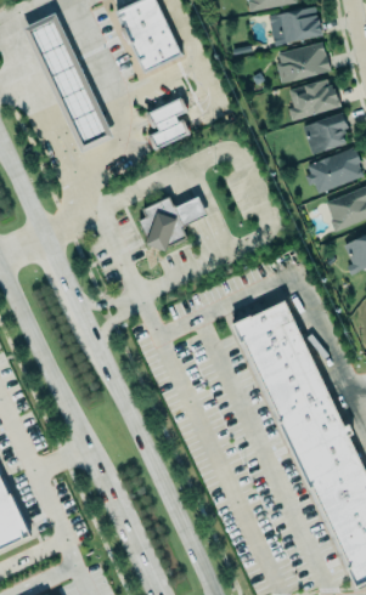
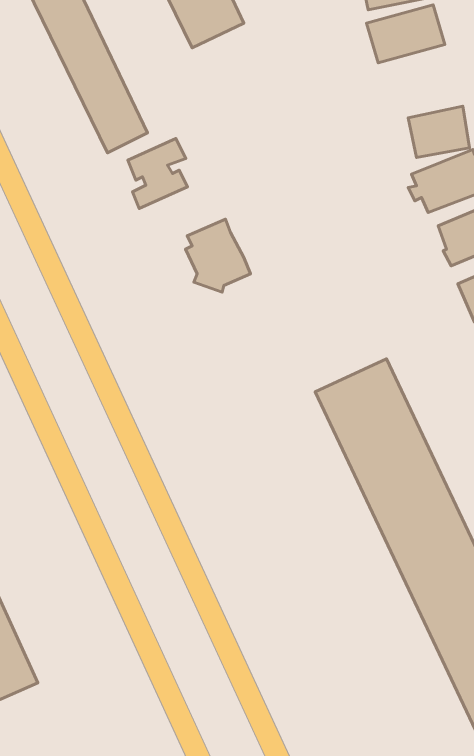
building: [287,79,339,120] -> none
building: [146,97,190,148] -> [128,139,187,208]
building: [173,195,207,226] -> none

